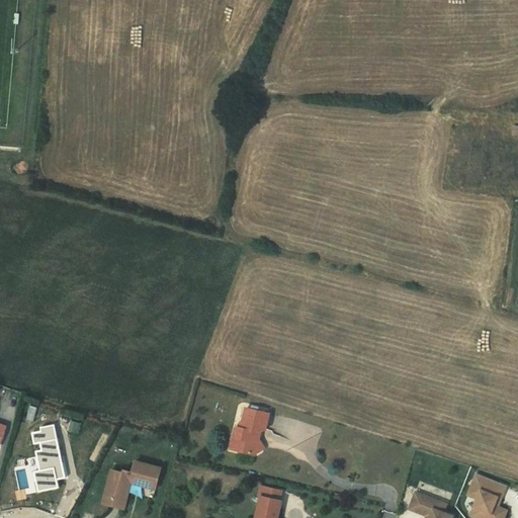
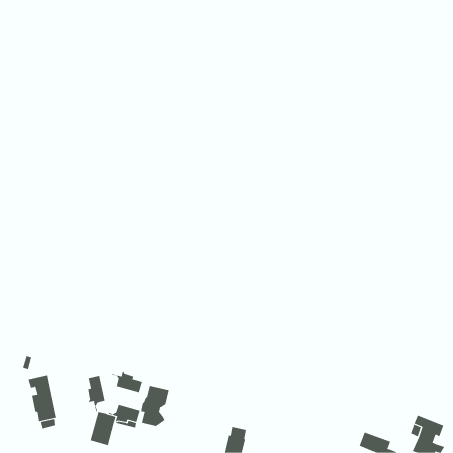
building: [232,409,265,455] -> [140,386,170,426]
building: none -> [112,370,142,393]
building: none -> [88,375,105,412]

